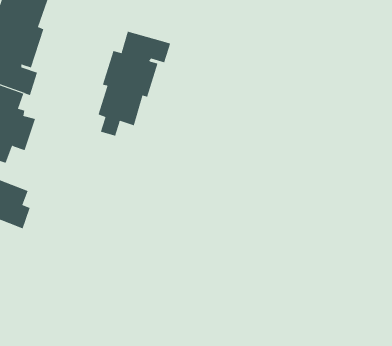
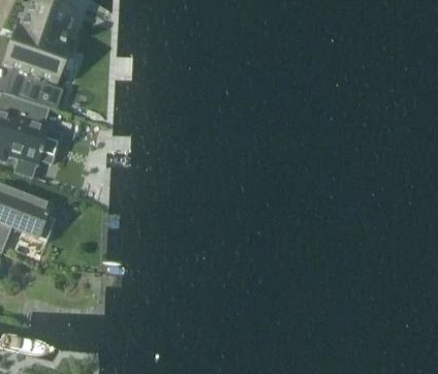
building: [98,31,171,136] -> none

